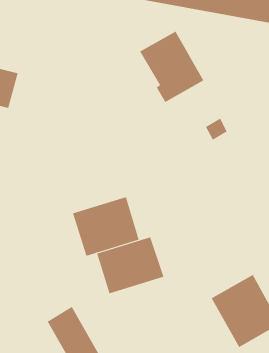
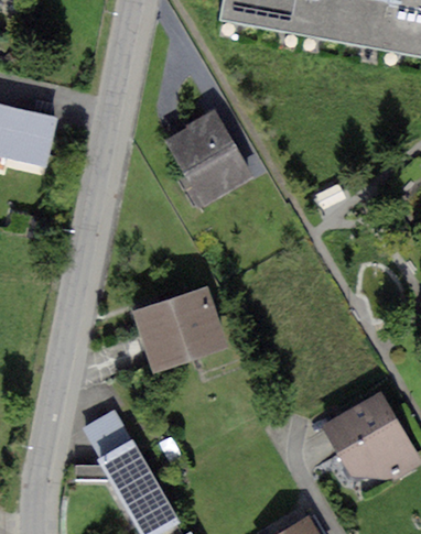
building: [139,31,204,103] -> [164,111,253,210]
building: [97,237,164,294] -> none
building: none -> [82,408,132,459]

